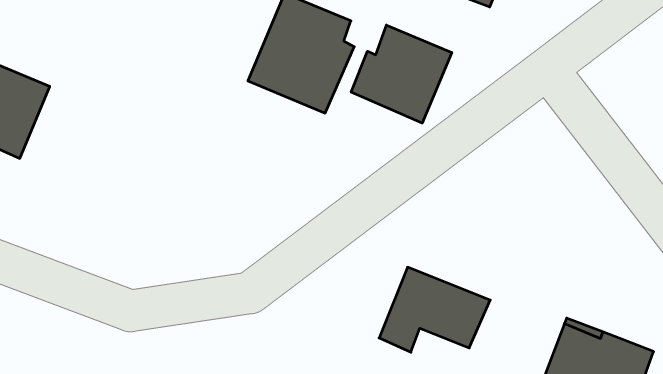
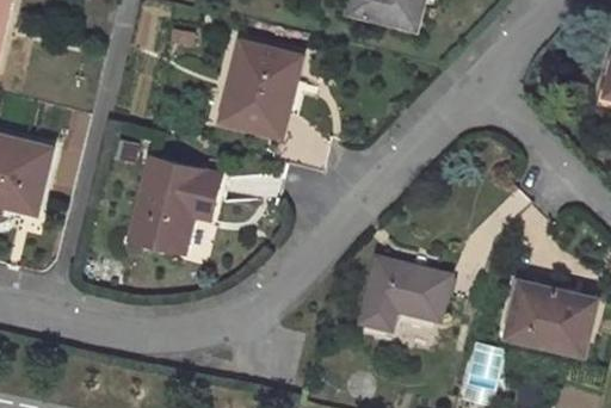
building: [351,25,452,123] -> none
building: none -> [130,157,220,252]

